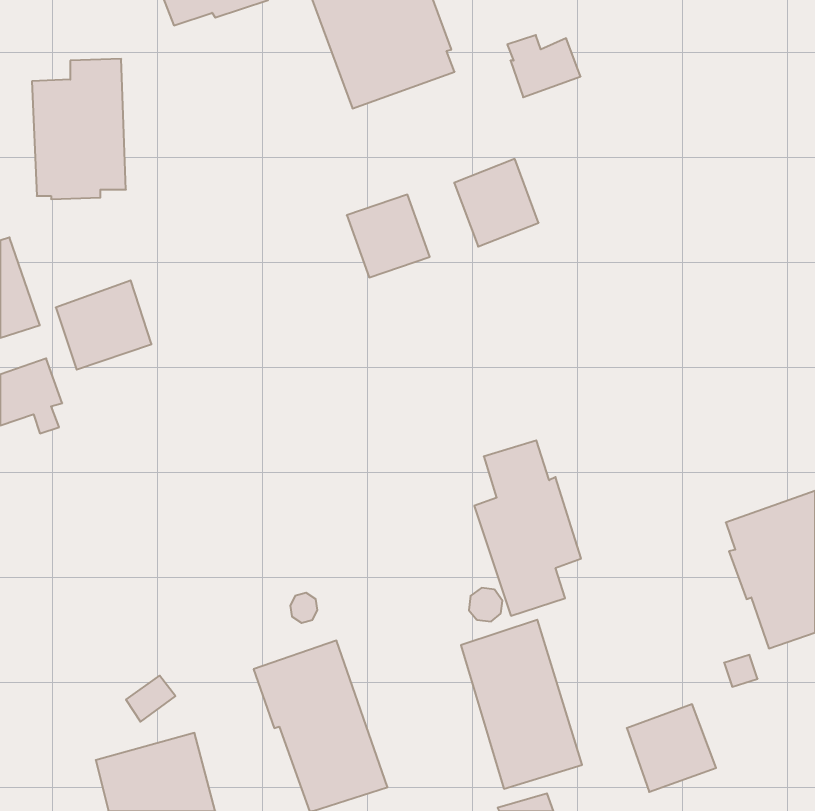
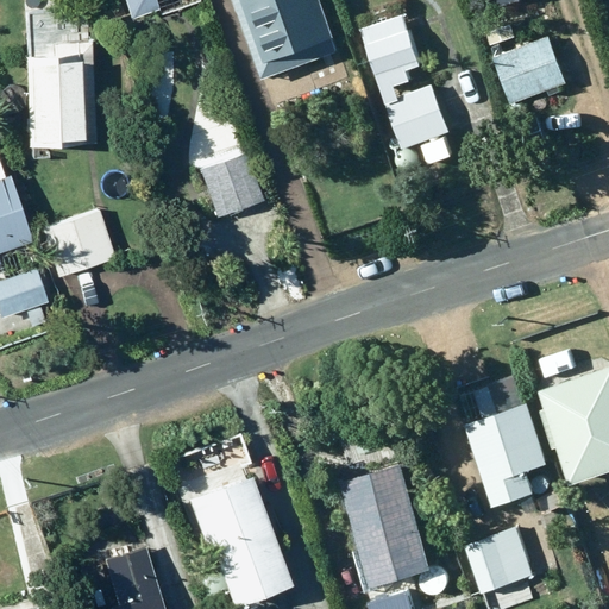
building: none -> [502,36,567,100]
building: [454,159,539,247] -> [387,83,450,149]
building: [347,195,430,277] -> [200,153,262,215]
building: [474,440,581,616] -> [469,376,548,507]

